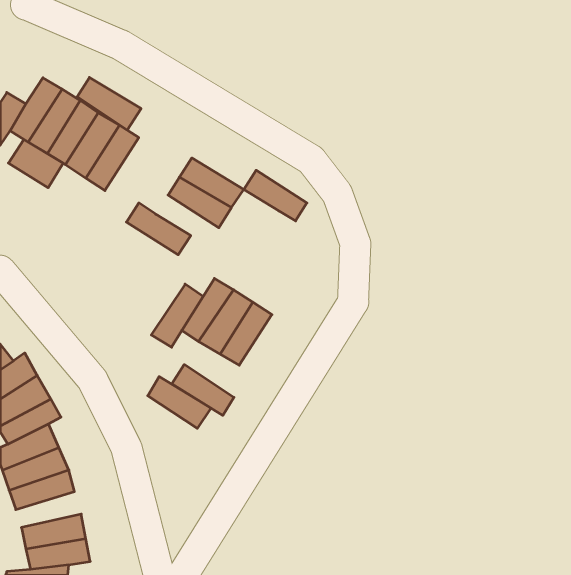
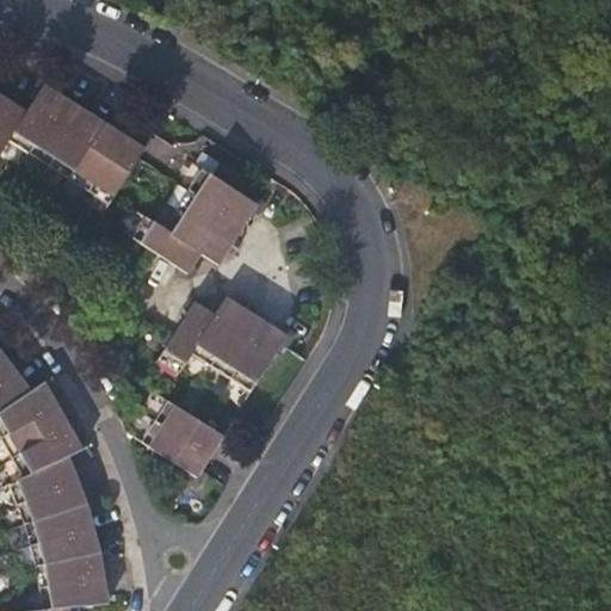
building: [77,77,141,130] -> none
building: [8,139,63,188] -> none
building: [244,170,307,221] -> [171,206,237,260]
building: [172,365,234,415] -> [149,419,215,473]
building: none -> [23,520,92,558]

